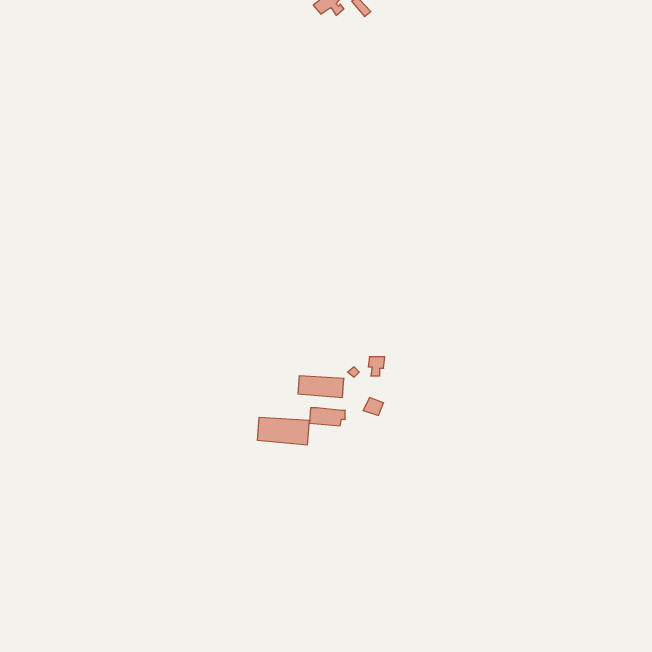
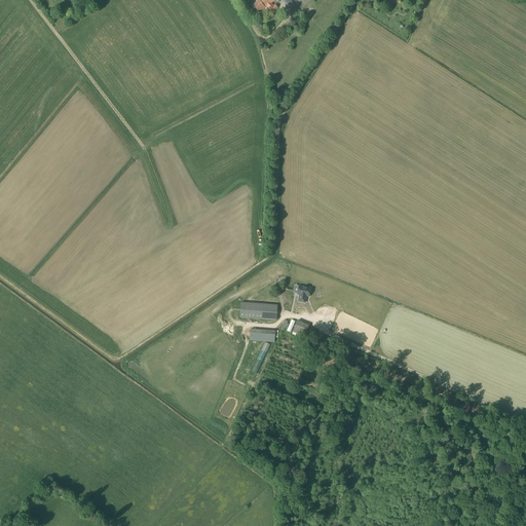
building: [257,417,309,445] -> none

